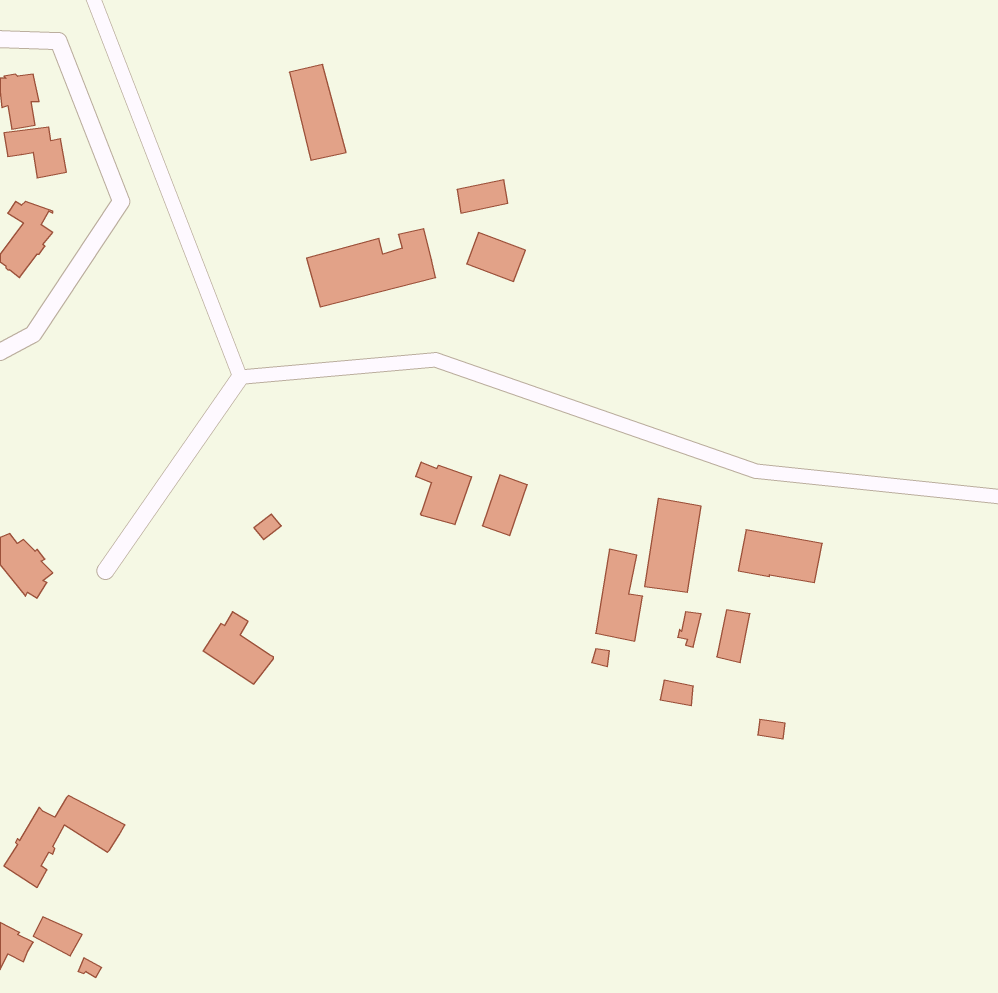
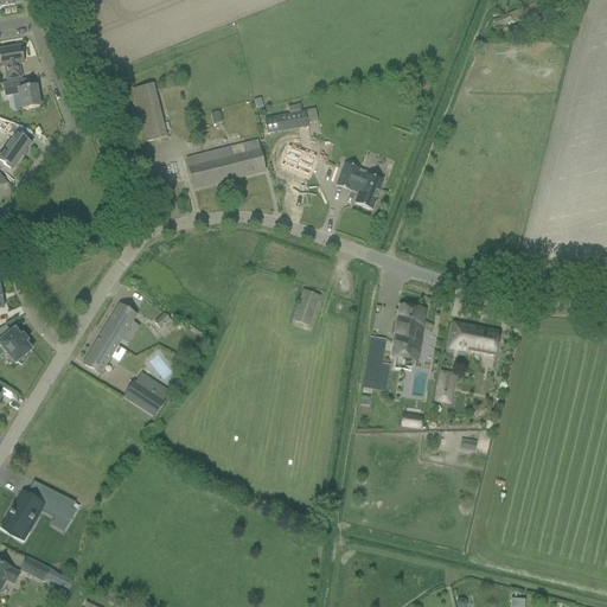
building: [289,64,346,160] -> [133,82,167,140]
building: none -> [336,161,383,207]
building: [416,462,472,525] -> none
building: none -> [83,302,136,372]

